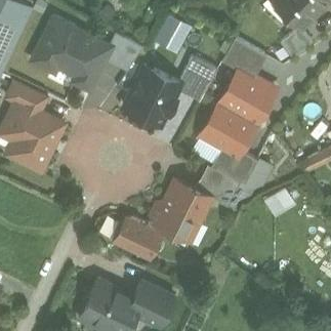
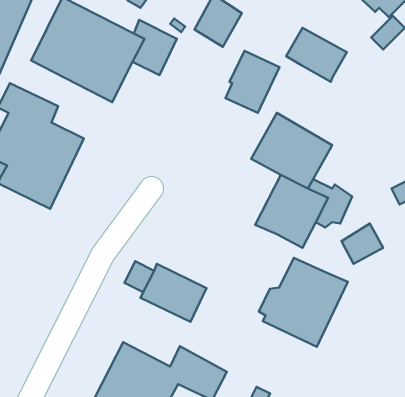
building: [121,61,182,128] -> none
building: [216,67,280,127] -> none
building: [149,176,216,244] -> [259,258,348,347]

